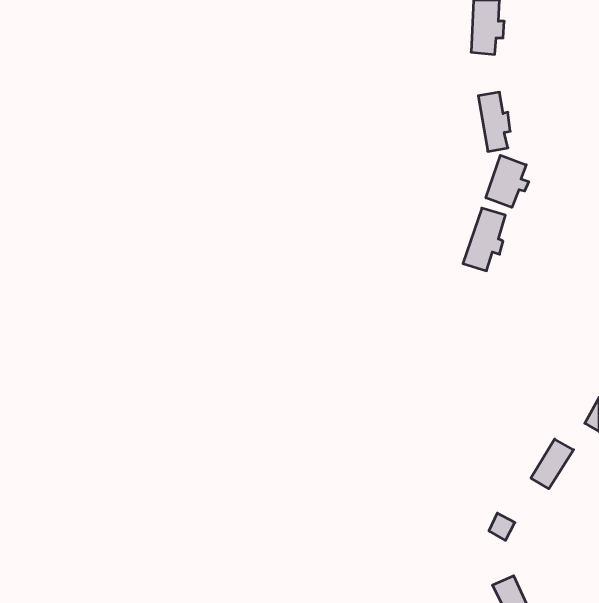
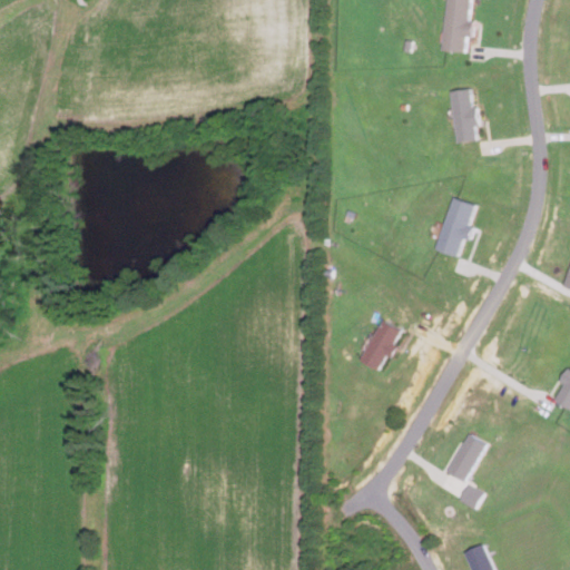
building: [486,155,529,207] -> none
building: none -> [357,322,399,372]
building: [531,439,574,489] -> [444,435,484,482]

